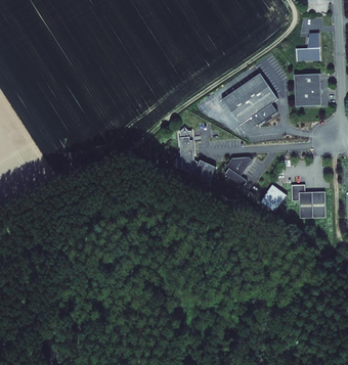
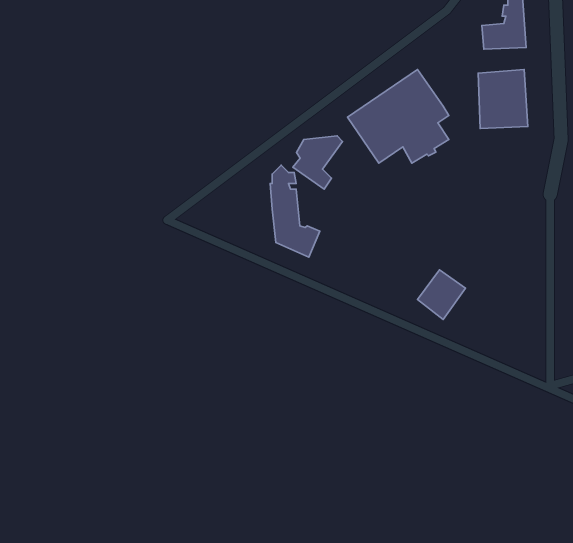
building: [224,156,252,186] -> [293,136,343,189]
building: [291,184,325,217] -> none

